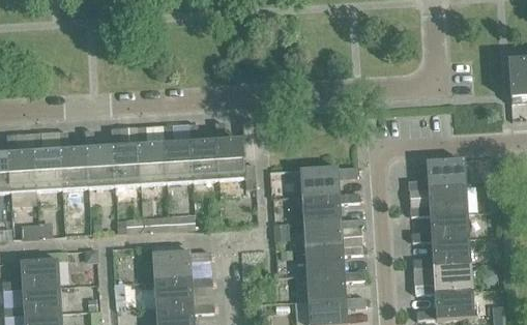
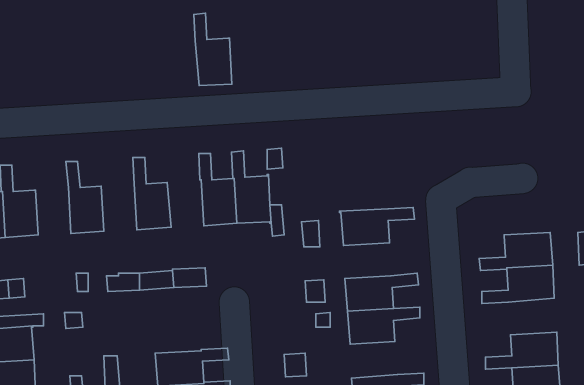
building: [163,123,193,180] -> [194,13,232,86]
building: [111,126,140,183] -> none
building: [58,129,88,186] -> none
building: [408,157,465,188] -> none
building: [302,190,359,220] -> none
building: [412,236,470,266] -> none
building: [152,249,210,279] -> none
building: [308,269,364,299] -> none

